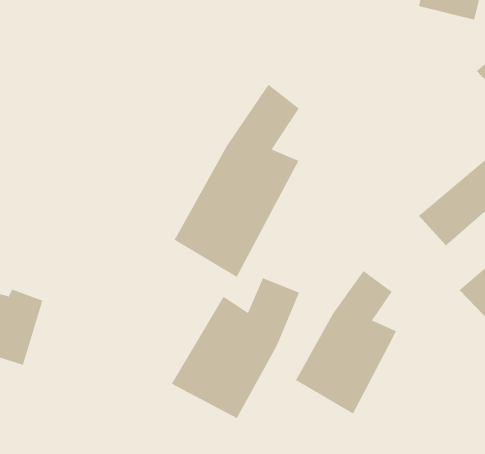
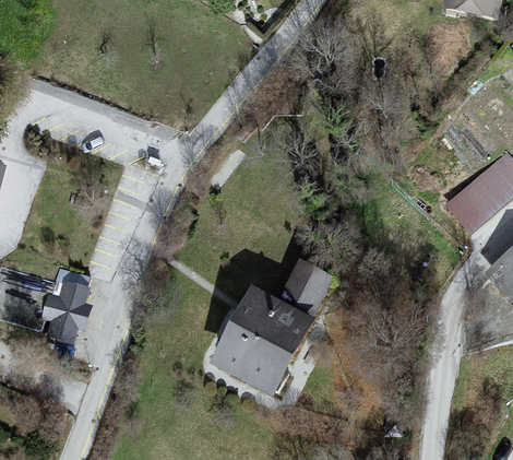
building: [174,84,300,278] -> none
building: [295,270,397,414] -> none

